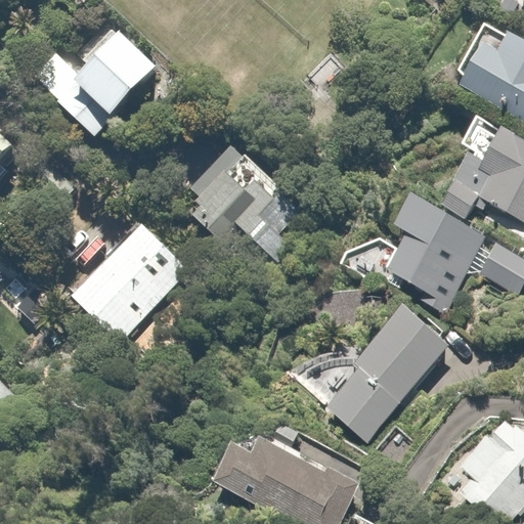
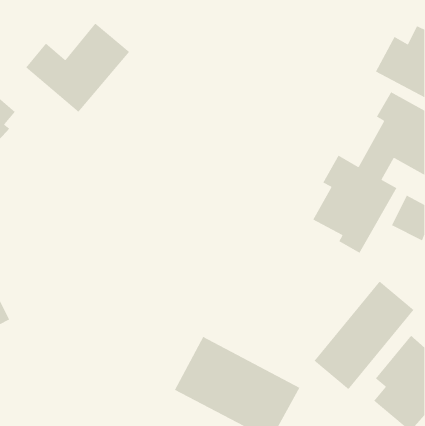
building: [191,148,291,257] -> none
building: [70,219,192,344] -> none
building: [321,309,445,443] -> [314,281,415,390]

